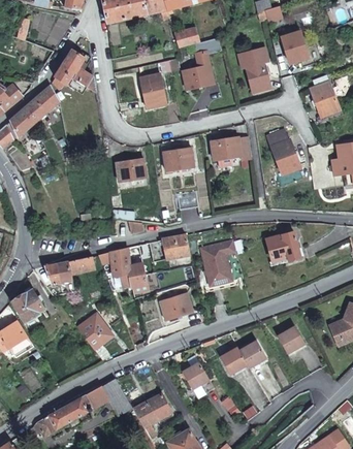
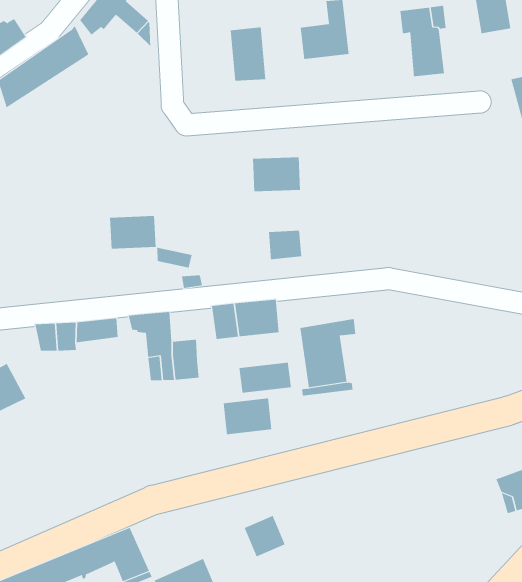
building: [267,129,301,173] -> none
building: [210,138,239,169] -> none
building: [116,159,146,182] -> [109,216,157,249]
building: [265,230,302,260] -> none
building: none -> [239,362,291,394]
building: [76,312,113,362] -> none
building: [276,326,303,353] -> none
building: [220,341,265,373] -> none

